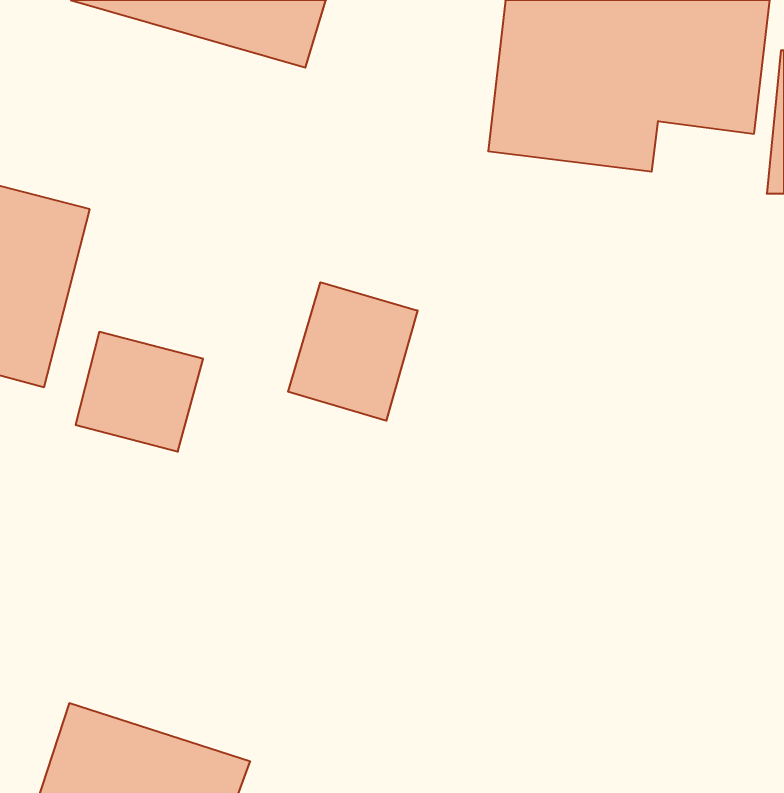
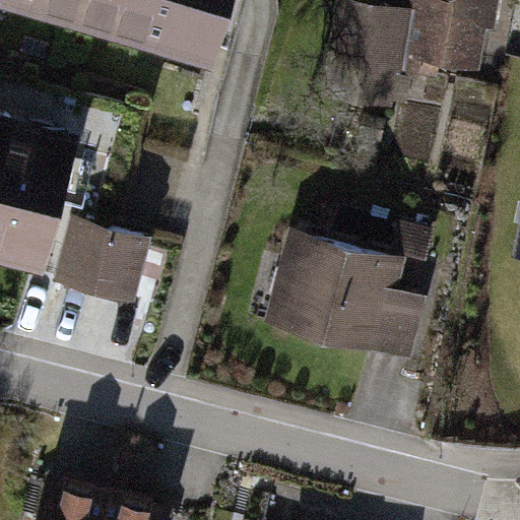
building: [288,282,418,421] -> none
building: none -> [263,225,447,366]

